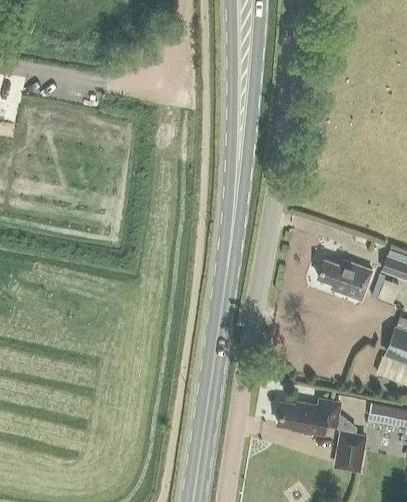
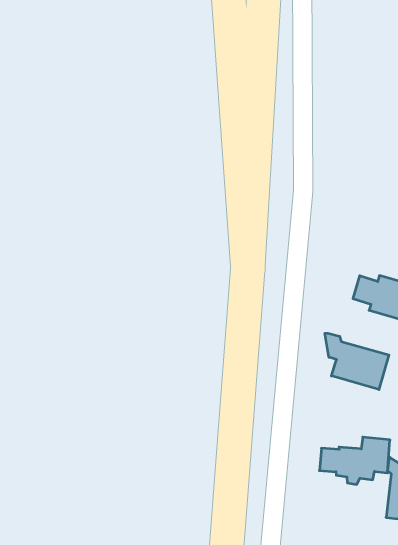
building: none -> [325,333,389,390]

